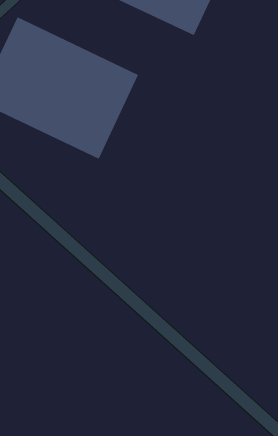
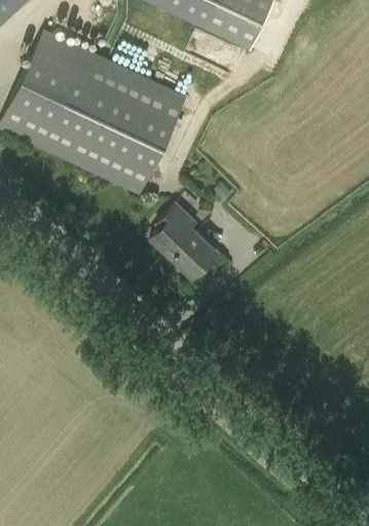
building: none -> [150,203,218,277]

